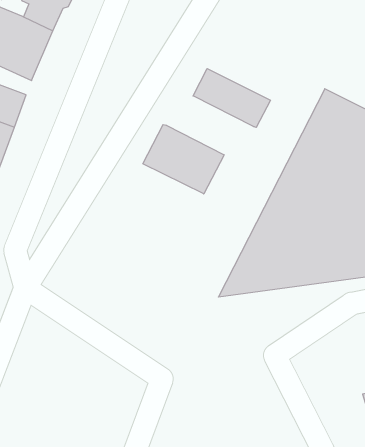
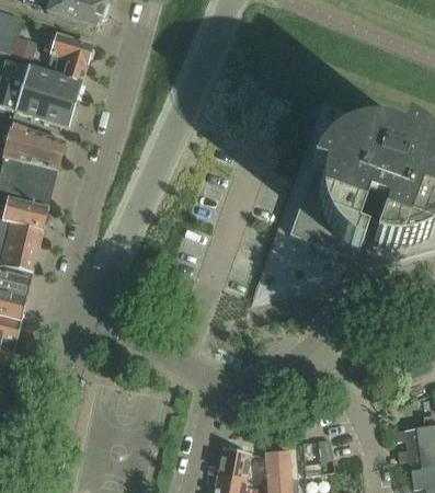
building: [193,69,270,127] -> none
building: [143,125,224,194] -> none

